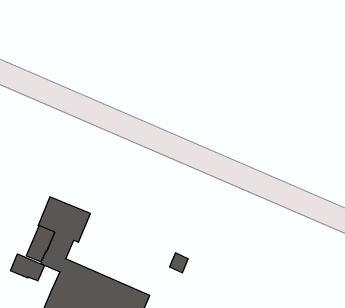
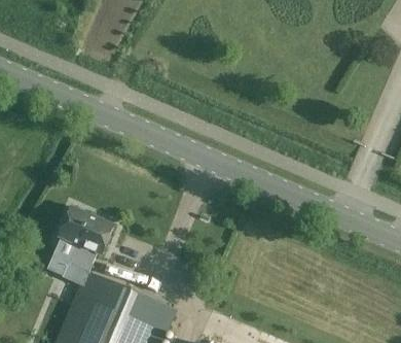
building: [11,254,45,281] -> none

